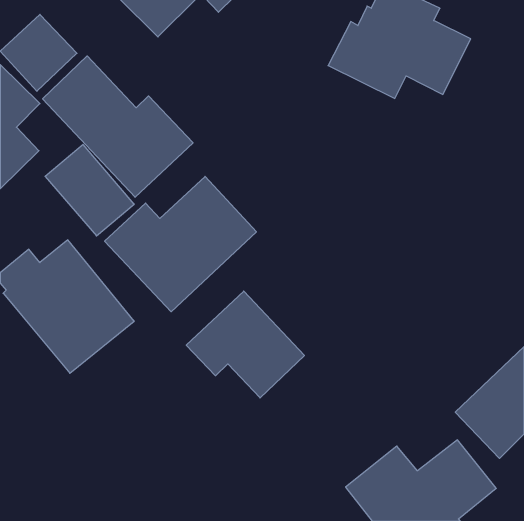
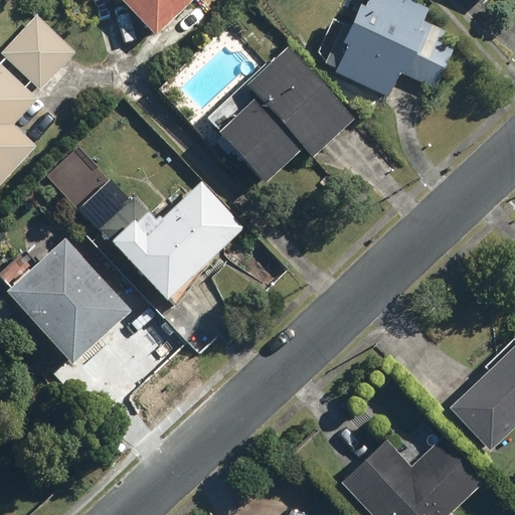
building: none -> [217,47,368,185]
building: [43,56,193,197] -> none
building: [186,291,304,398] -> none

